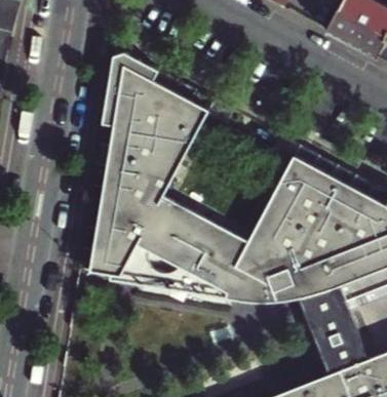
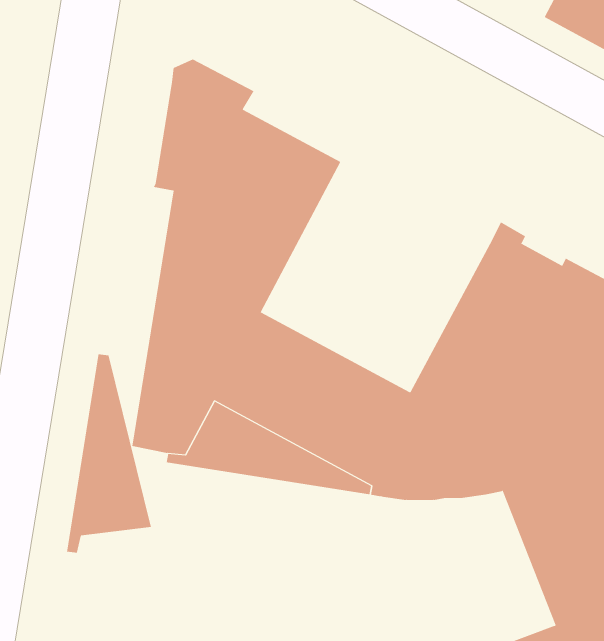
building: none -> [67,354,151,553]

